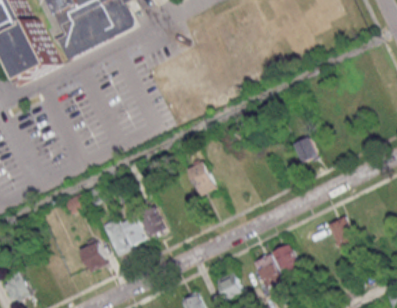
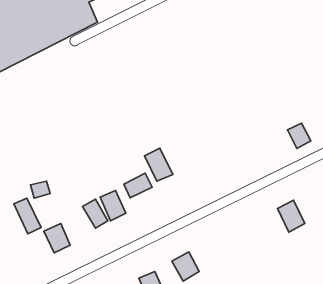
building: [293,137,318,164] -> [287,123,311,149]
building: none -> [124,173,152,198]
building: [101,219,130,257] -> [14,198,41,234]
building: [252,245,301,289] -> none

